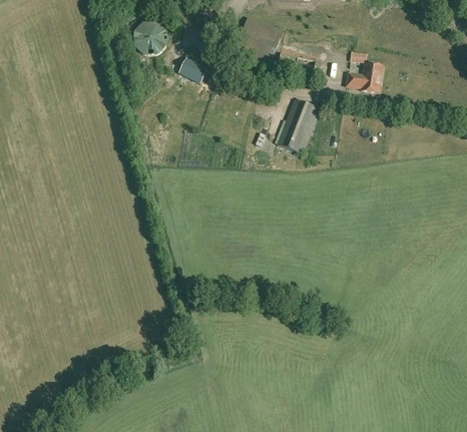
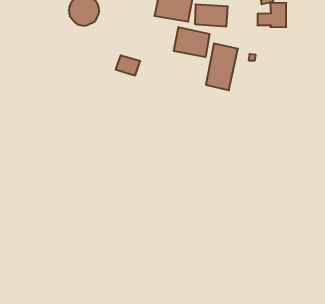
building: [177,57,206,82] -> [116,55,140,75]
building: none -> [174,27,210,57]

